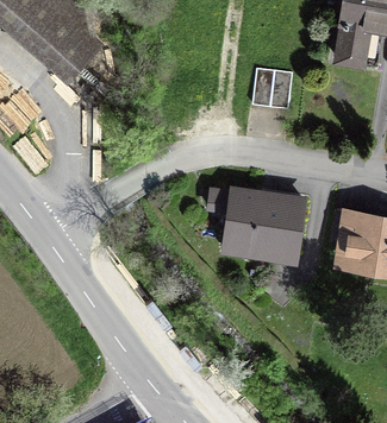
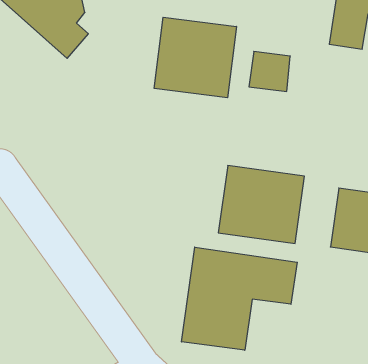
building: none -> [154,17,236,98]
building: none -> [182,247,297,350]

